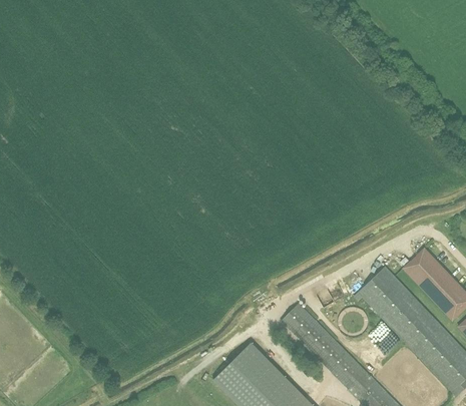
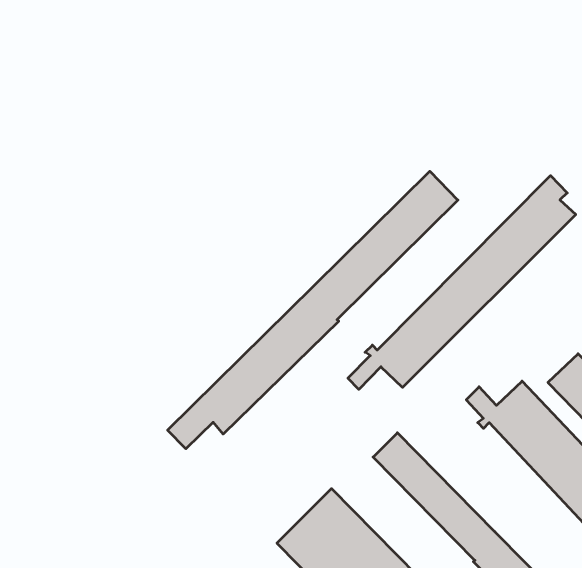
building: none -> [168,171,458,449]
building: none -> [348,176,576,389]

